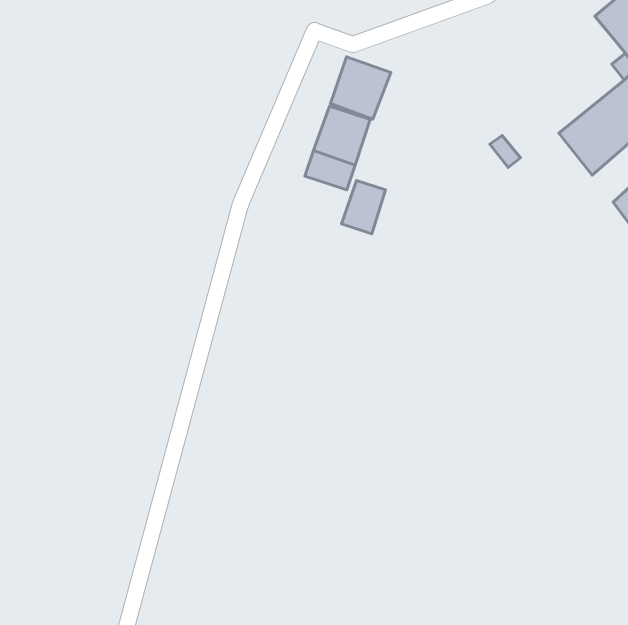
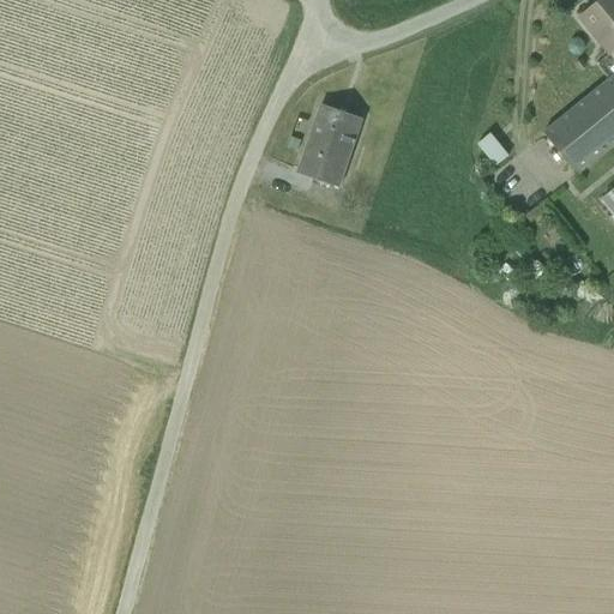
building: [330,57,391,119] -> none
building: [342,180,385,234] -> none

